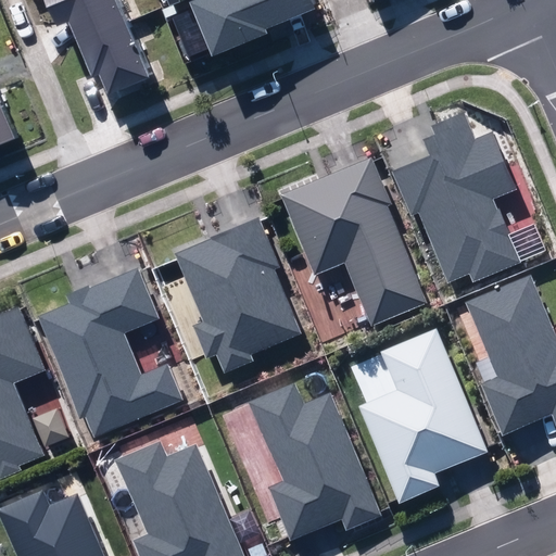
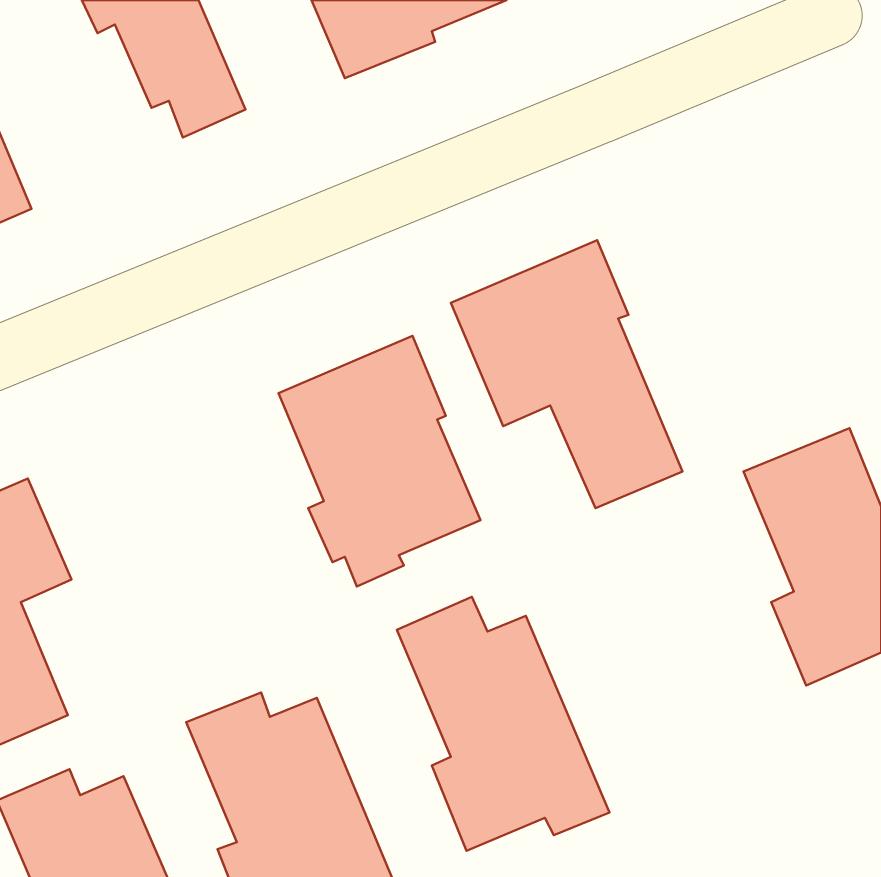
building: [392,111,516,280] -> none
building: [40,265,185,434] -> none
building: [361,328,488,501] -> none

